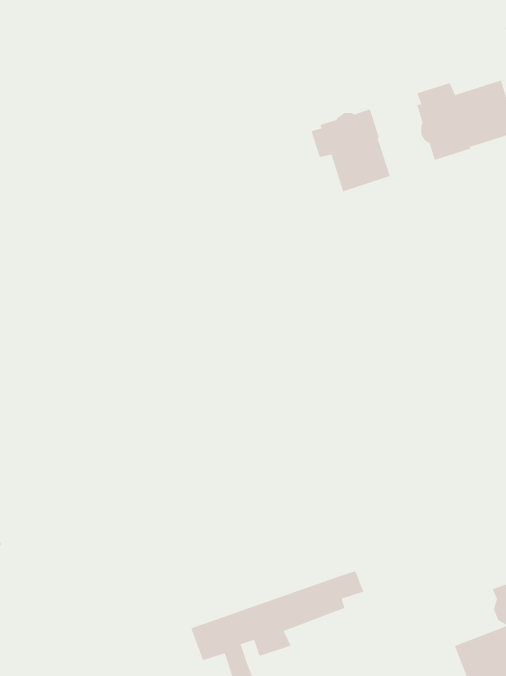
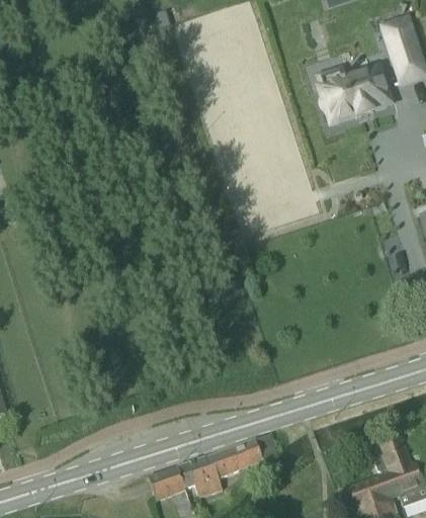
building: [311,108,391,192] -> none

